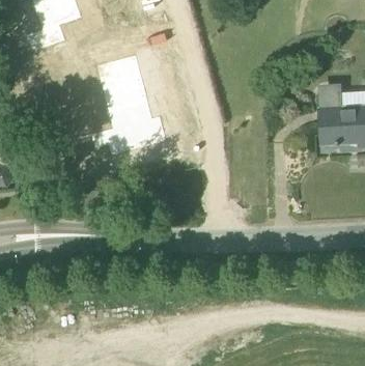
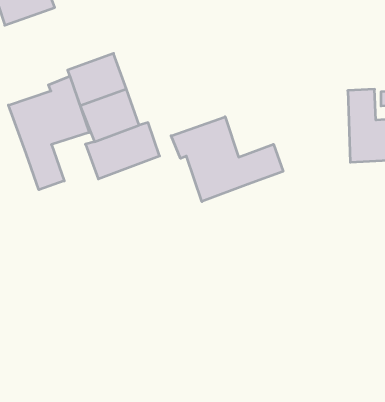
building: none -> [8,76,89,190]
building: none -> [171,117,283,202]

